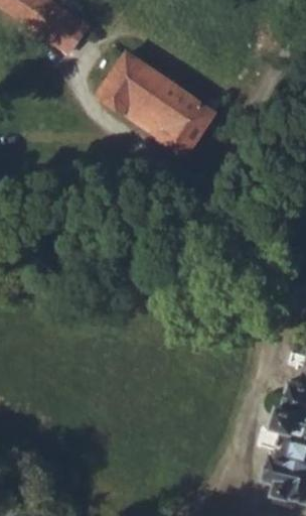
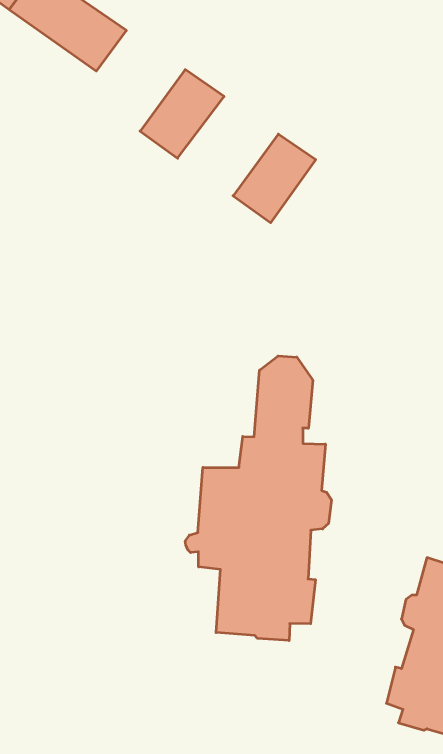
building: [123,71,190,137] -> none
building: none -> [185,356,331,641]

